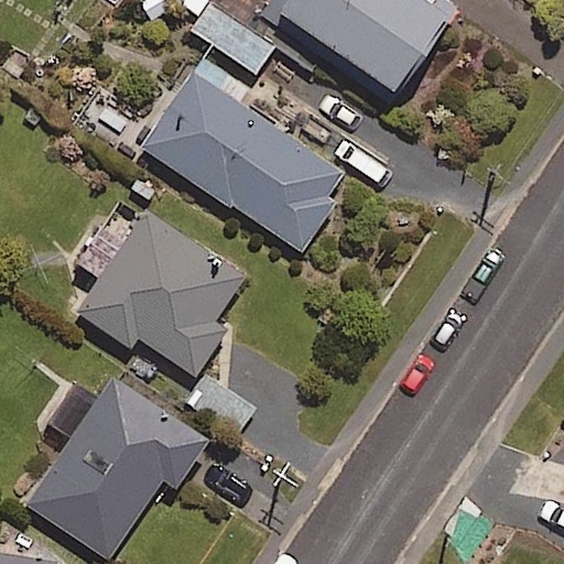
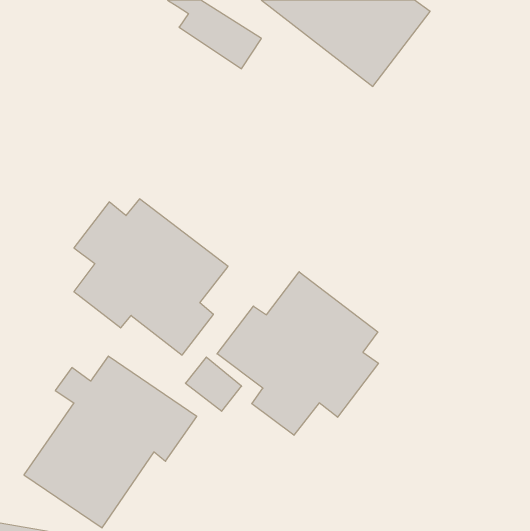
building: [141,58,350,252] -> none
building: none -> [217,272,378,435]

